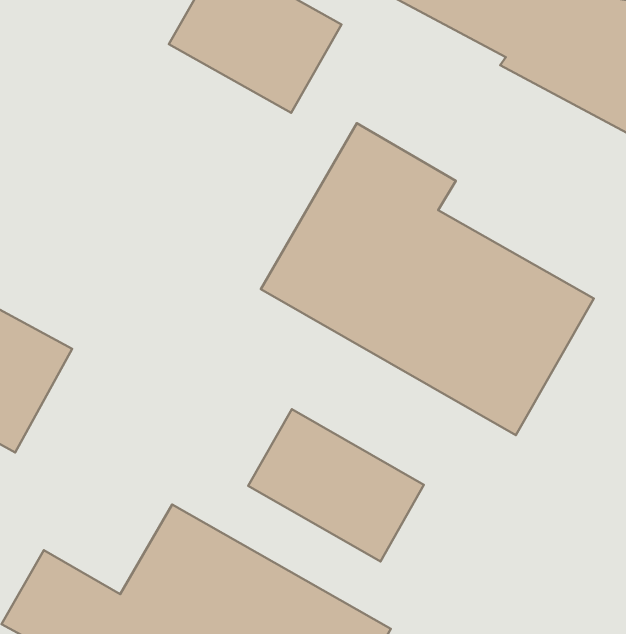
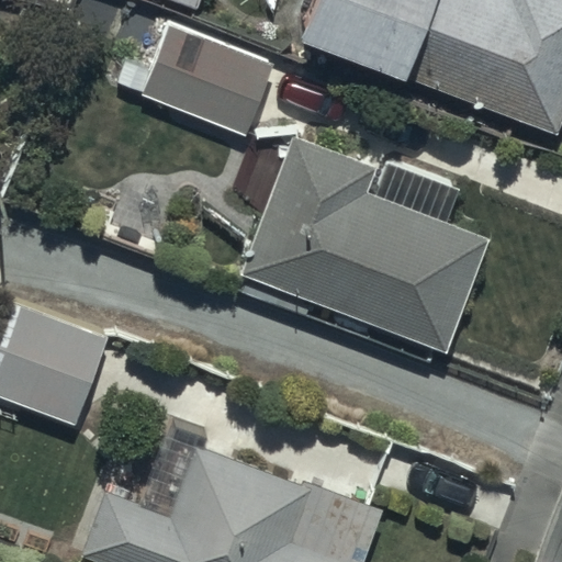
building: [248,409,424,562] -> none

